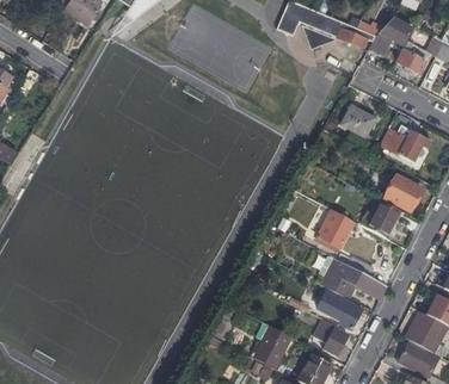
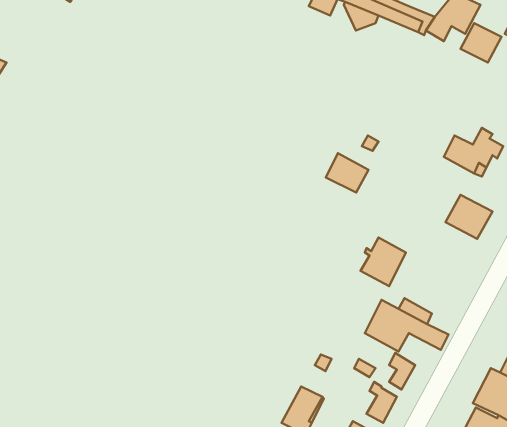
building: [340,106,374,137] -> [326,153,368,193]
building: [367,202,400,239] -> none

